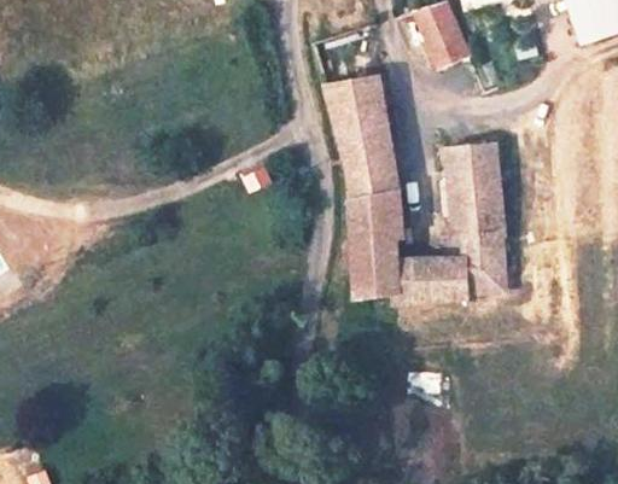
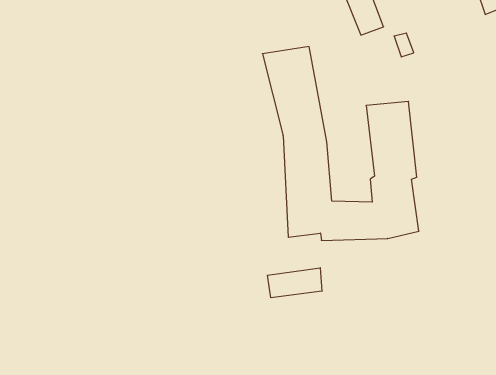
building: none -> [267,268,322,298]

